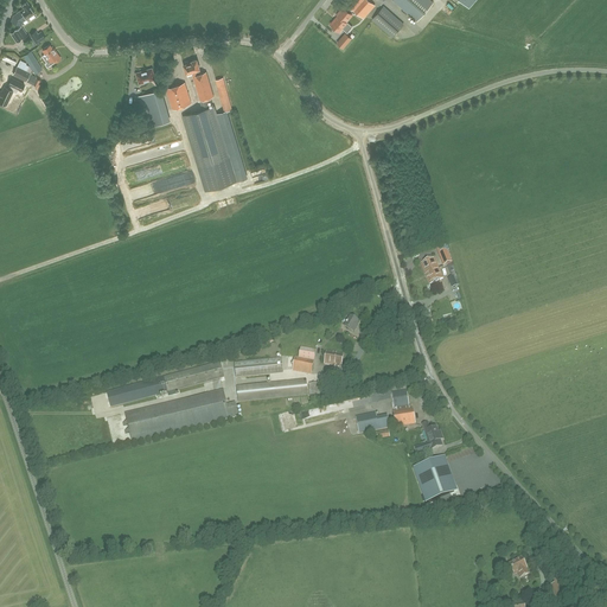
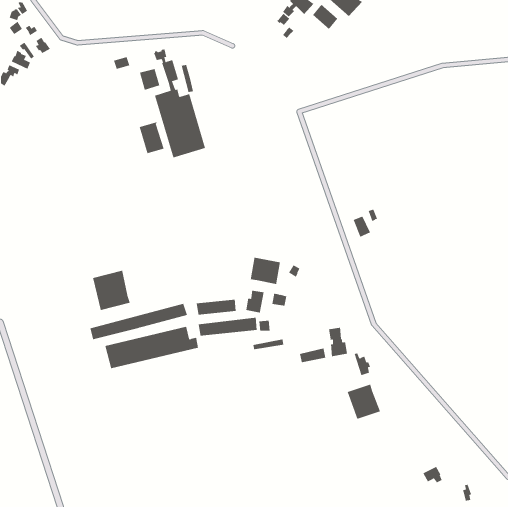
building: [138,89,168,127] -> [139,122,165,154]
building: none -> [250,257,281,285]
building: none -> [93,270,130,311]

